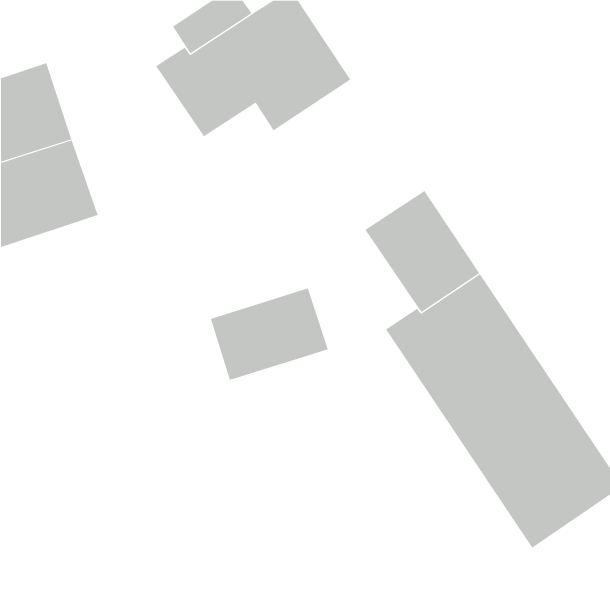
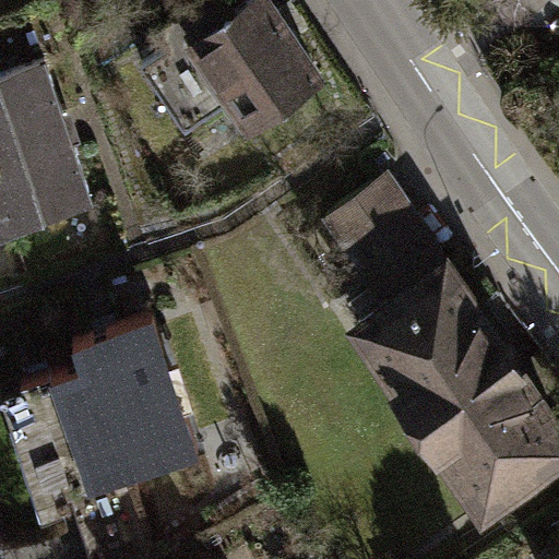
building: [210,287,329,380] -> none
building: none -> [24,323,199,502]

